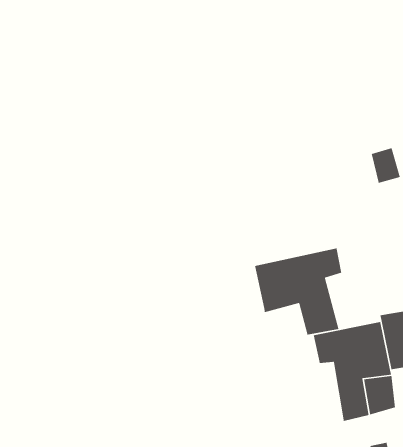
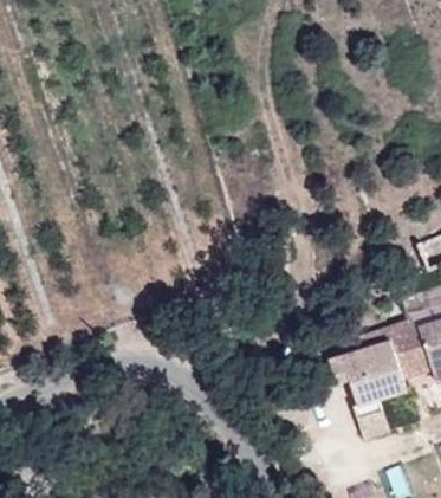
building: [254,248,342,336] -> none

